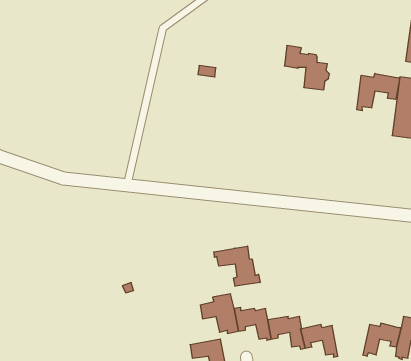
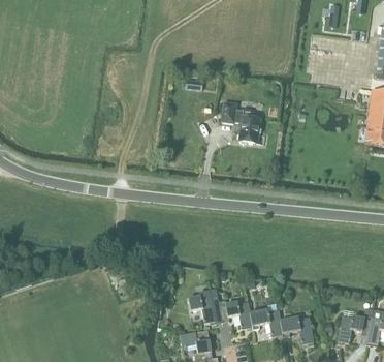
building: [284,46,330,90] -> [220,101,261,142]
building: [357,73,400,111] -> none
building: [214,246,260,286] -> none

